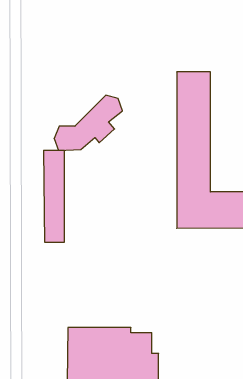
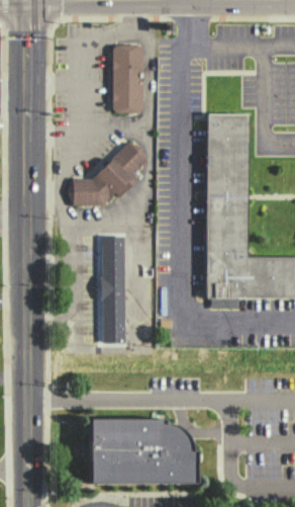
building: none -> [111,46,142,113]
building: [44,150,64,242] -> [101,238,125,345]

